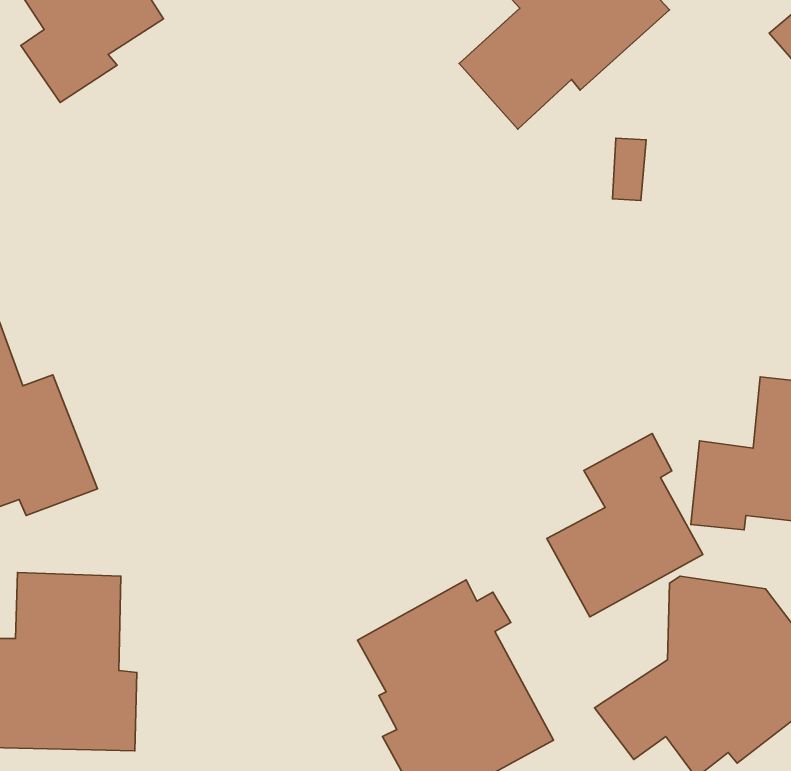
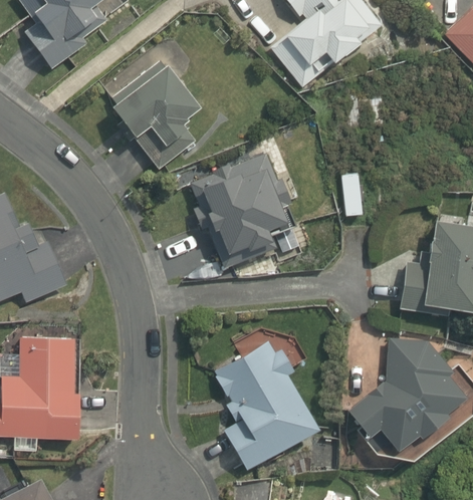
building: none -> [112,66,200,170]
building: none -> [183,154,292,260]
building: [547,434,703,617] -> none

